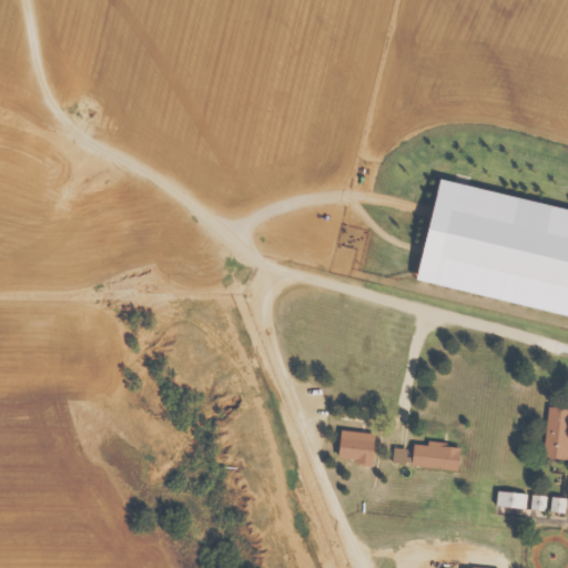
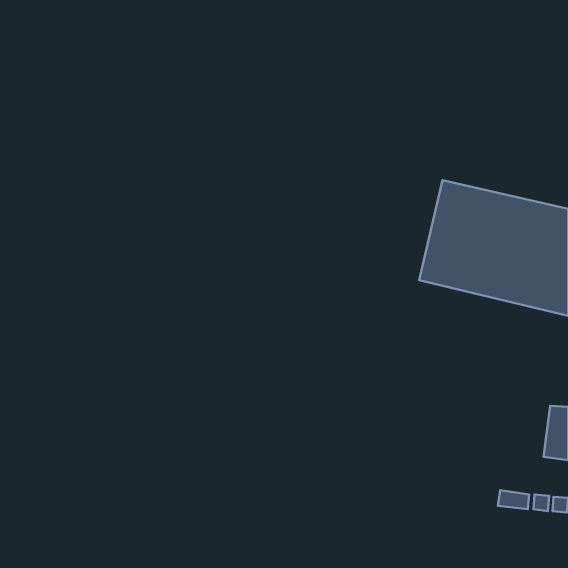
building: [338,428,377,464] -> none
building: [394,440,462,471] -> none

